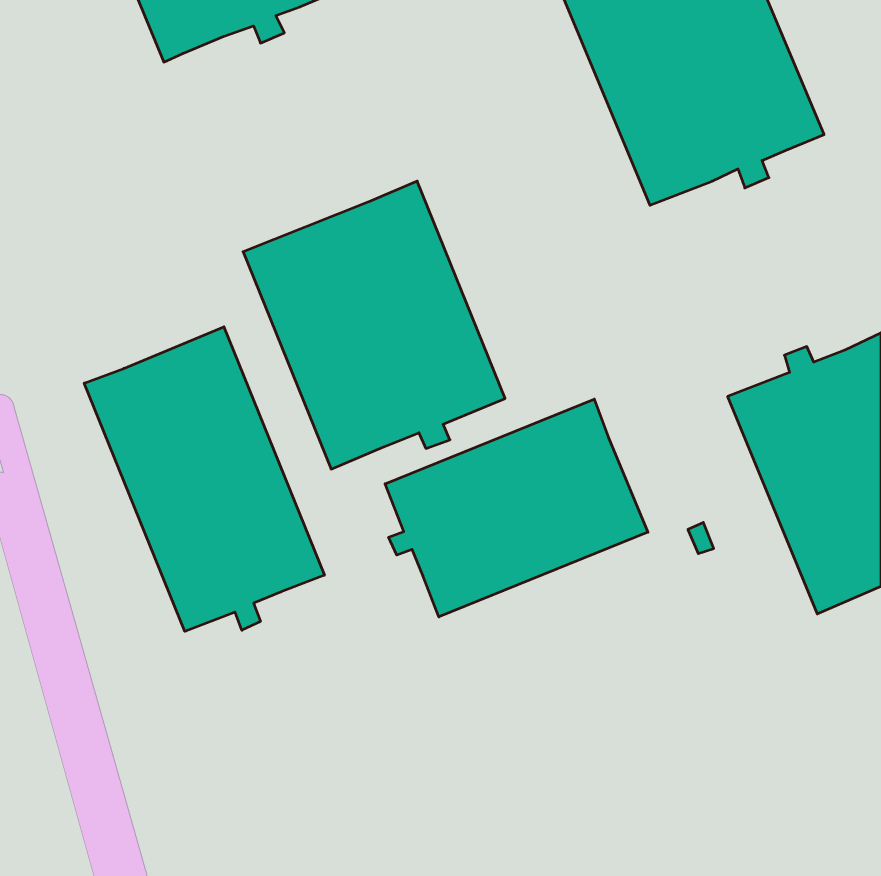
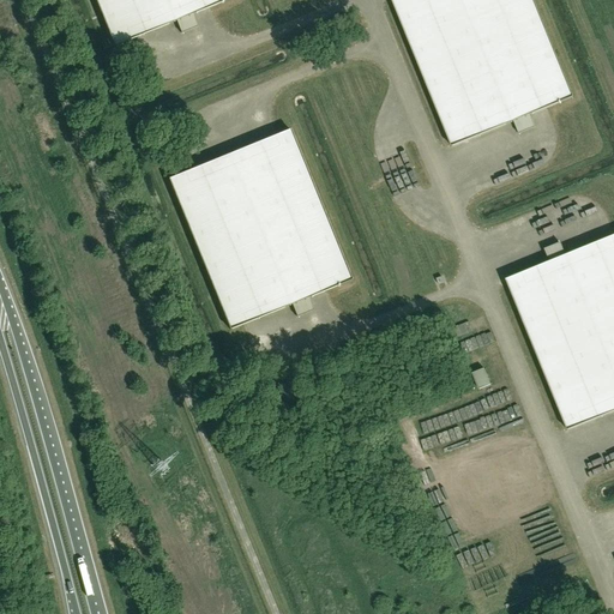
building: [84,327,324,631] -> none
building: [385,399,648,617] -> none

